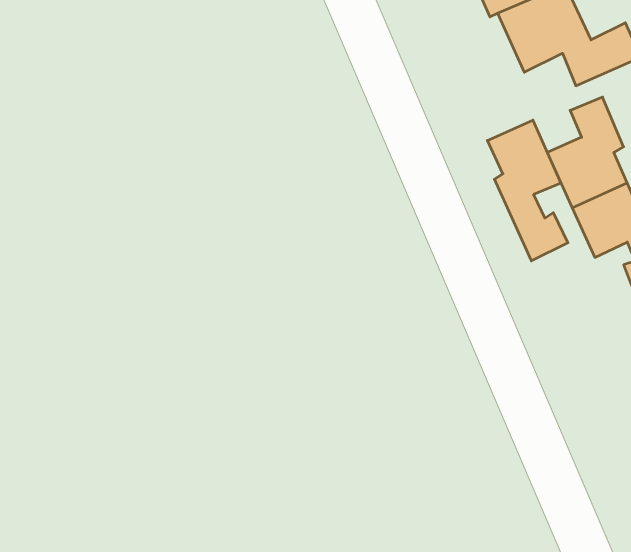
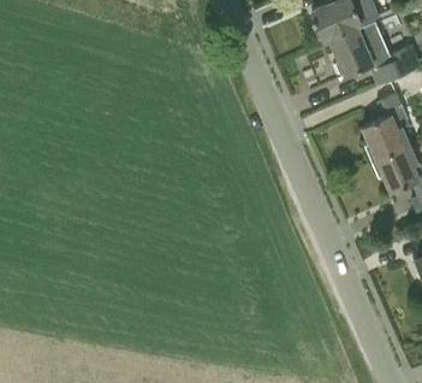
building: [487,120,568,261] -> none

